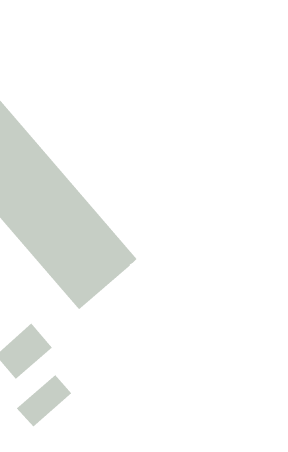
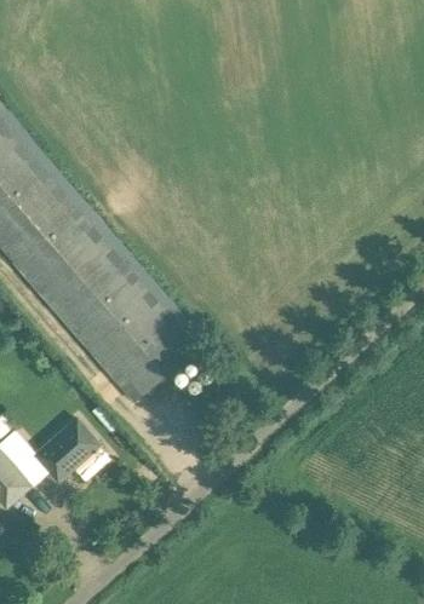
building: [16,374,72,428] -> none

